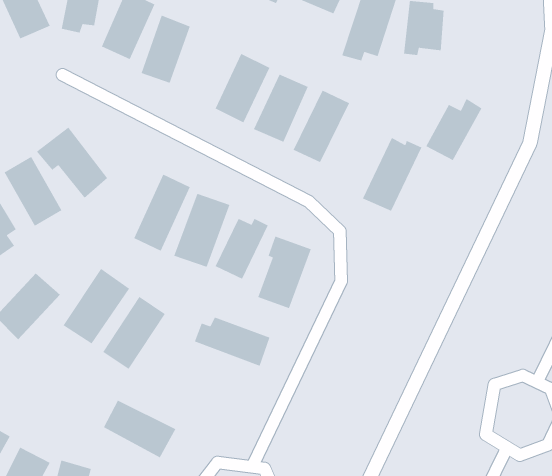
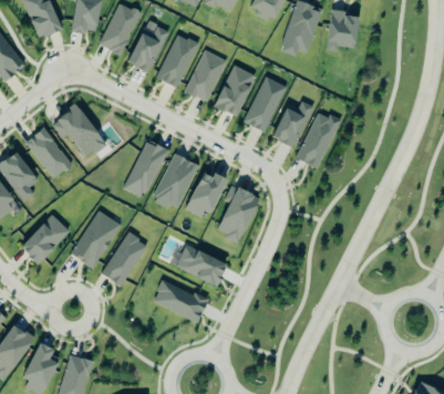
building: none -> [157,33,197,87]
building: [425,98,483,161] -> [271,100,314,147]
building: [103,399,176,458] -> [153,279,208,323]

